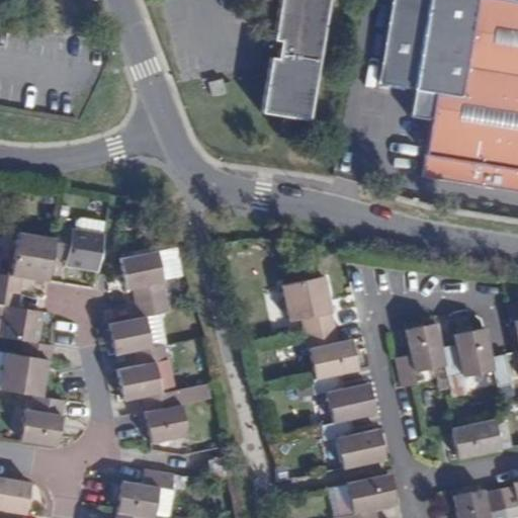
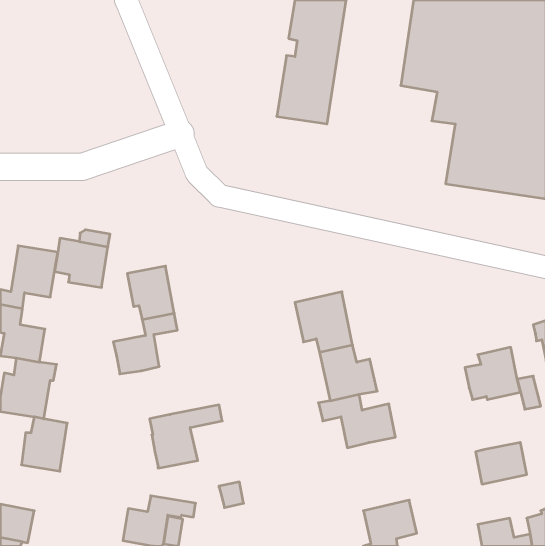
building: [396,323,445,386] -> none
building: [117,344,168,401] -> none
building: [320,419,385,468] -> none

